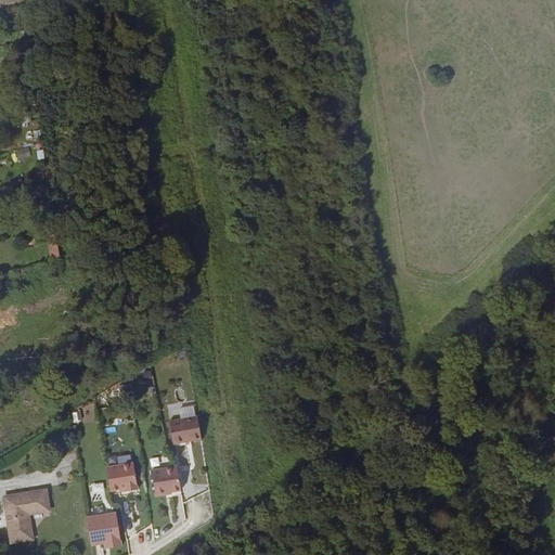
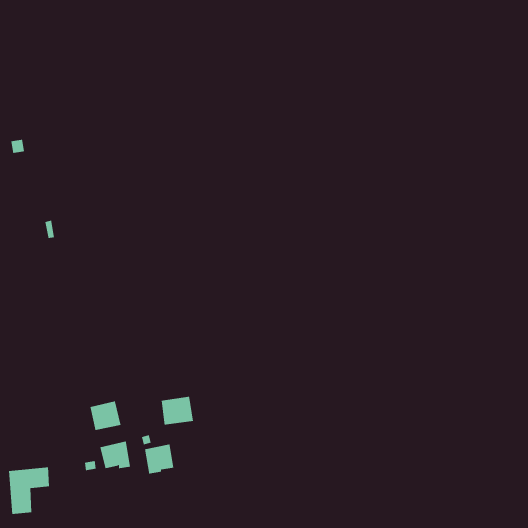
building: none -> [90,400,121,431]
building: [85,512,119,547] -> none

